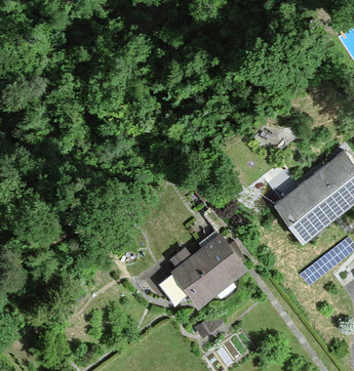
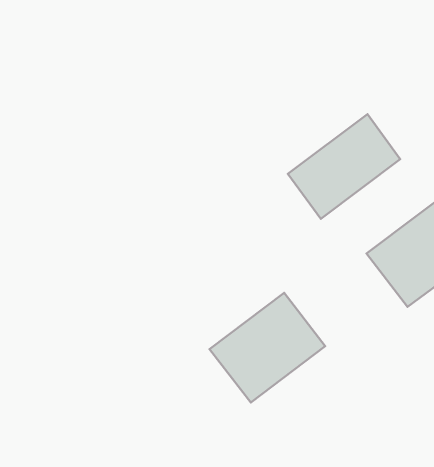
building: none -> [288,114,400,219]

